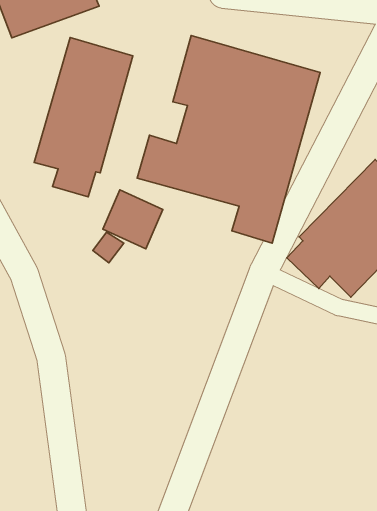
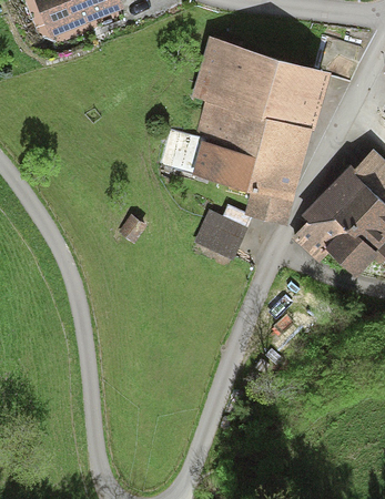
building: [34,37,133,197] -> none
building: [103,190,163,249] -> [194,210,249,263]

